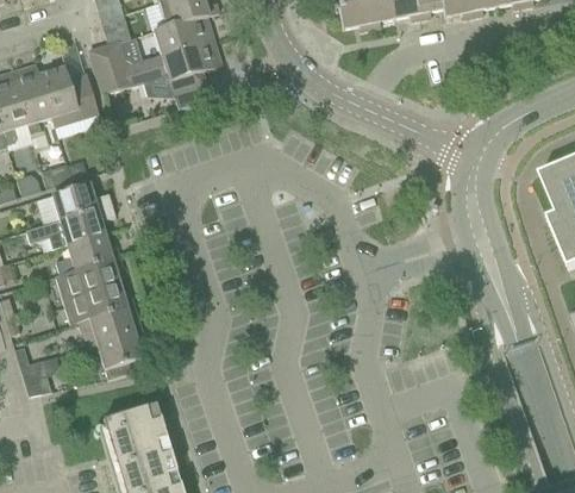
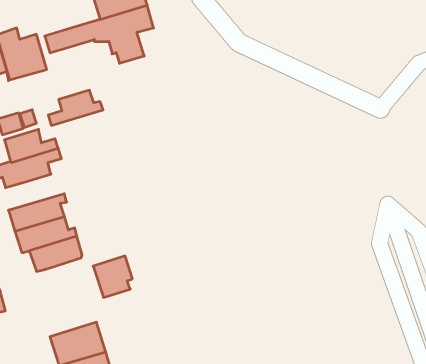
building: [89,39,127,74] -> none
building: [56,232,119,273] -> [48,90,103,125]
building: [96,330,142,377] -> [93,256,132,297]

